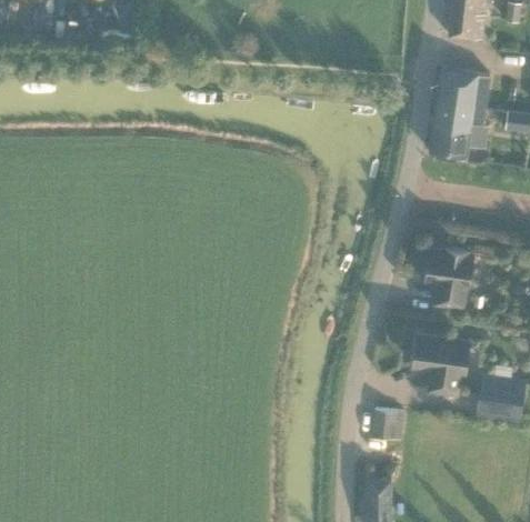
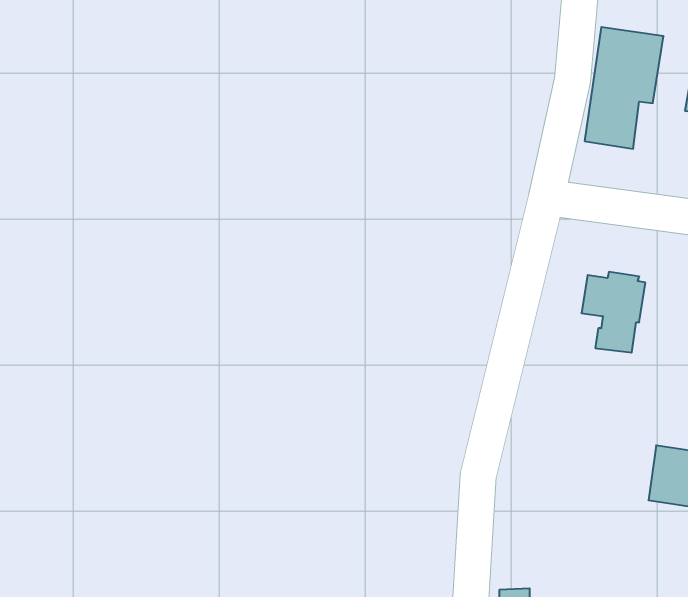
building: [412,334,472,398] -> none
building: [372,411,404,442] -> none

